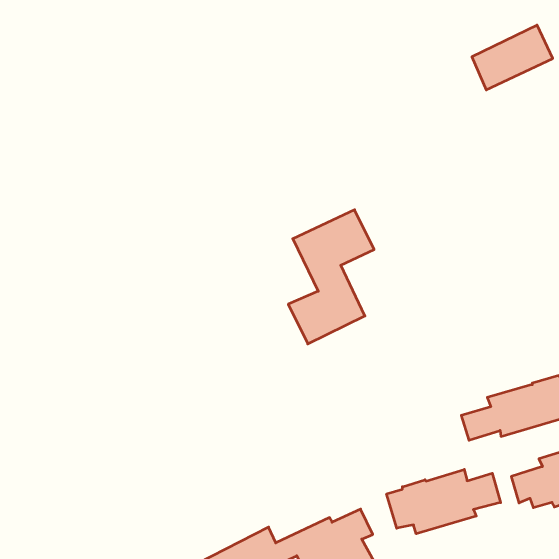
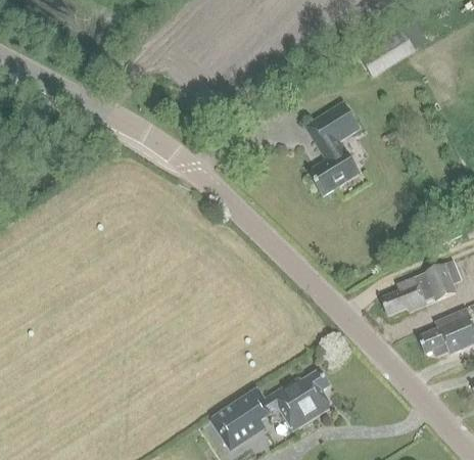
building: [288,210,374,344] -> [304,101,361,196]
building: [387,469,501,534] -> none

